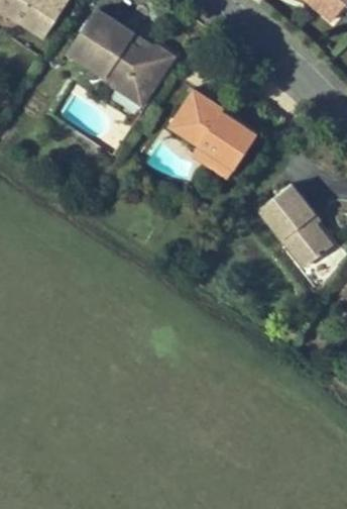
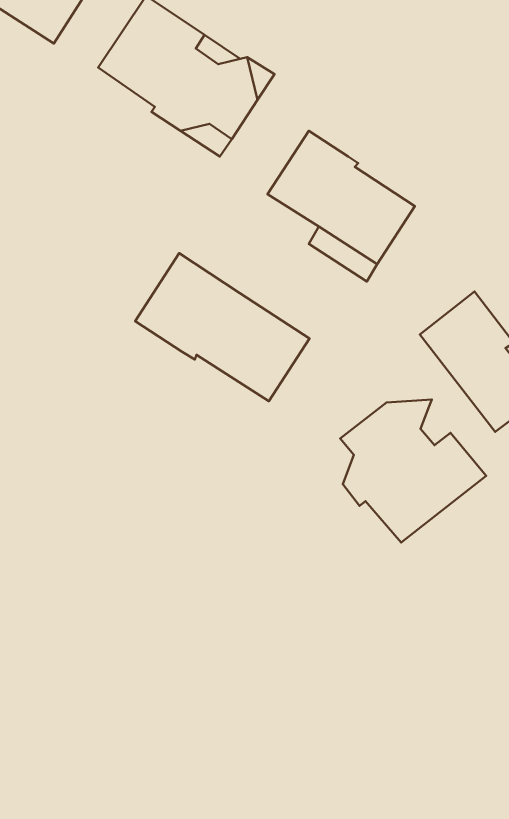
building: none -> [135,253,309,401]
building: none -> [340,399,486,543]

